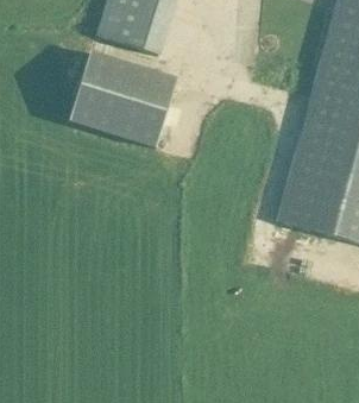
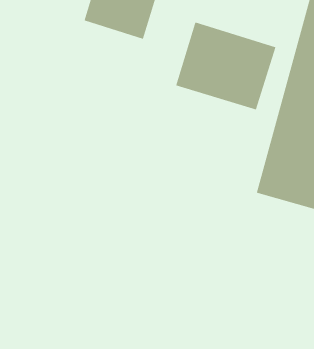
building: [70,51,178,146] -> [175,21,276,110]

